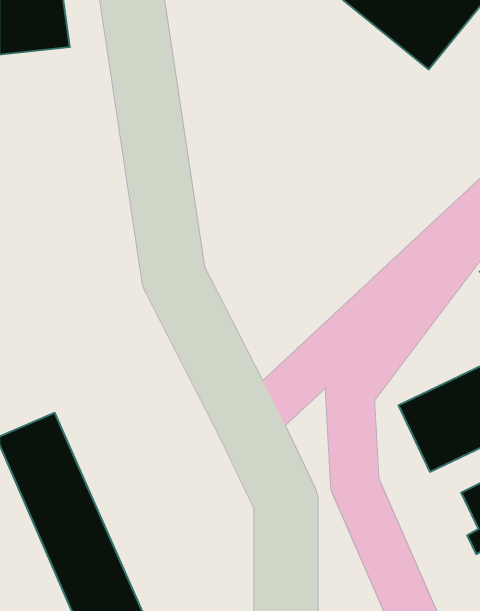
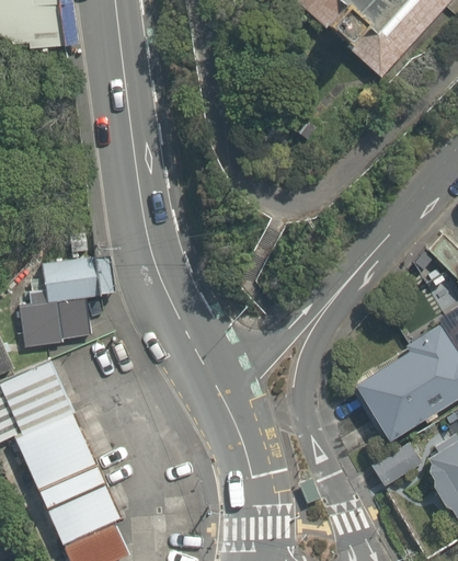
building: none -> [22,253,123,347]

